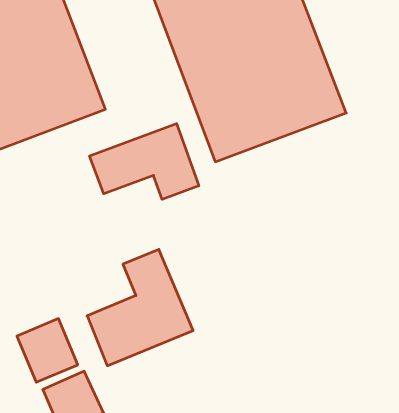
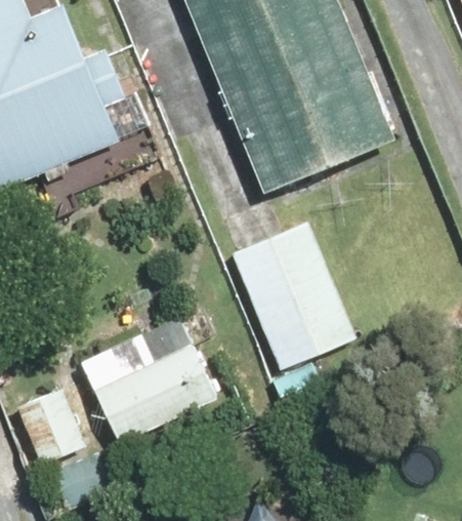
building: [90,124,199,199] -> none
building: none -> [228,222,354,361]

